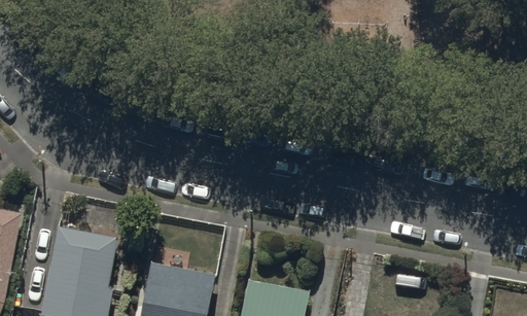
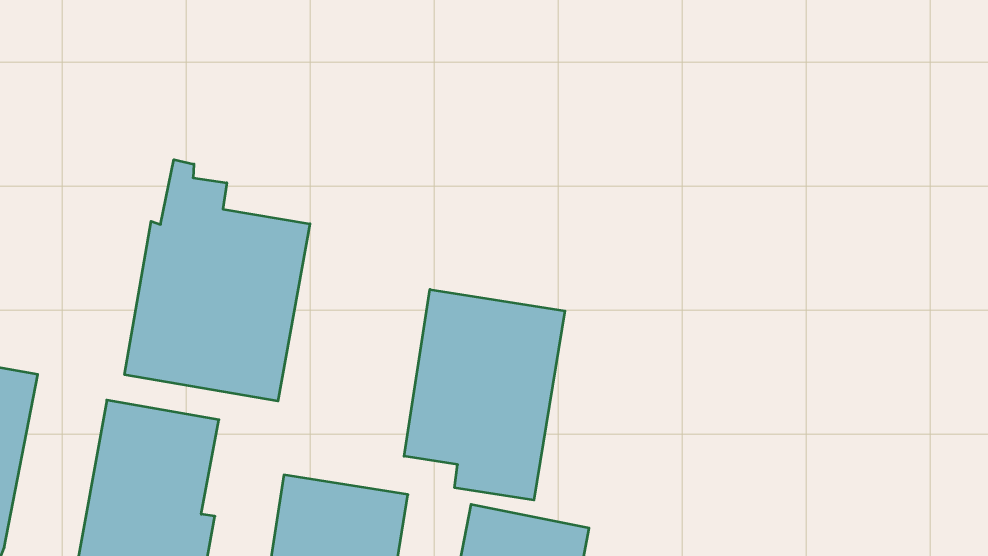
building: none -> [125,160,310,401]
building: none -> [404,289,565,500]

